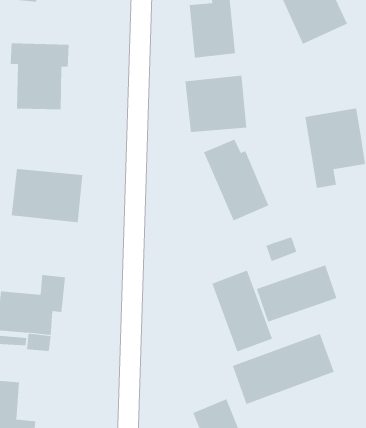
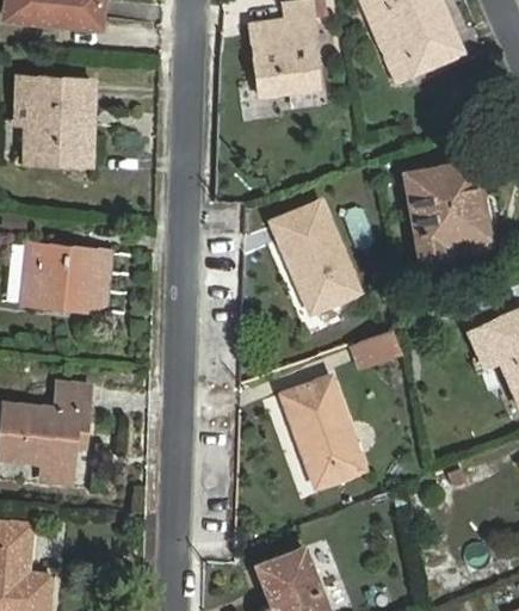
building: [185,75,247,133] -> none
building: [256,264,337,322] -> none
building: [232,333,334,405] -> none

